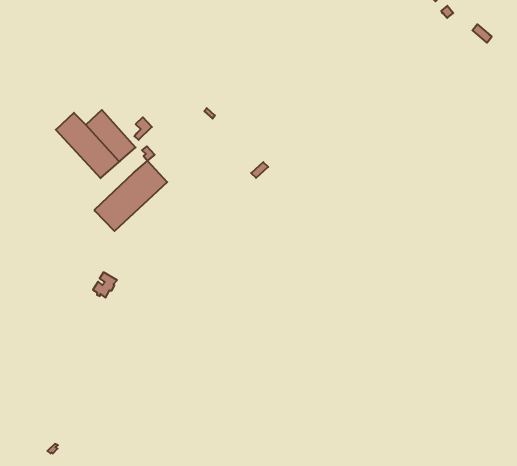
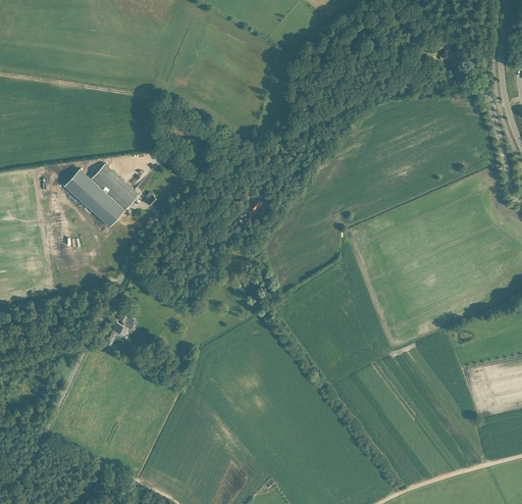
building: [95,161,167,231] -> none

